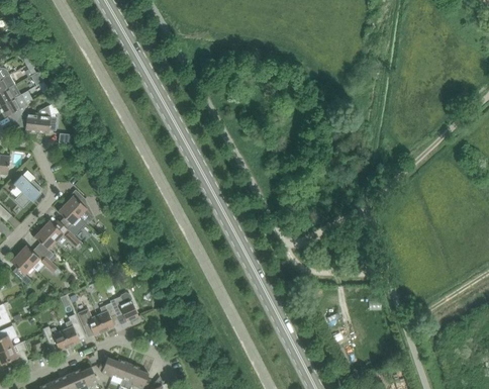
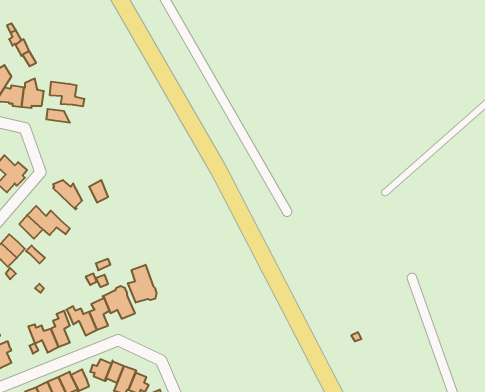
building: none -> [50,82,84,106]
building: [58,204,85,234] -> none
building: none -> [128,265,157,303]

